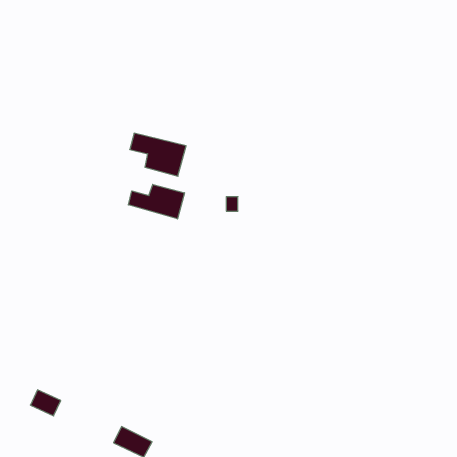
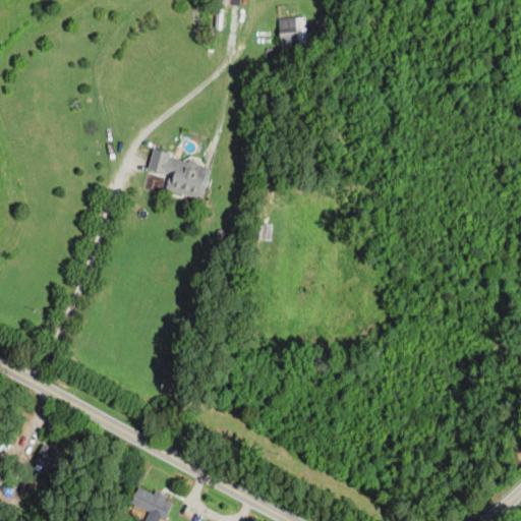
building: none -> [279,17,306,48]
building: [128,184,184,219] -> none

